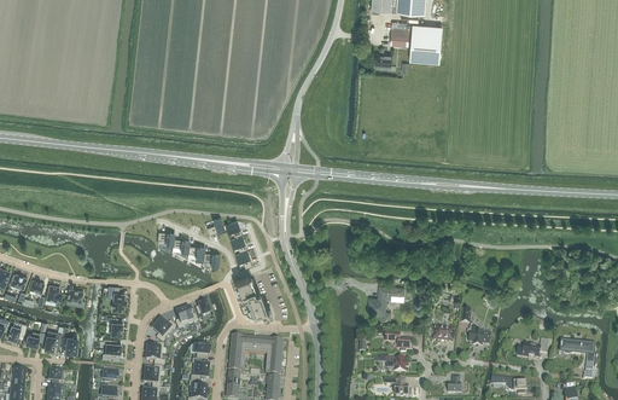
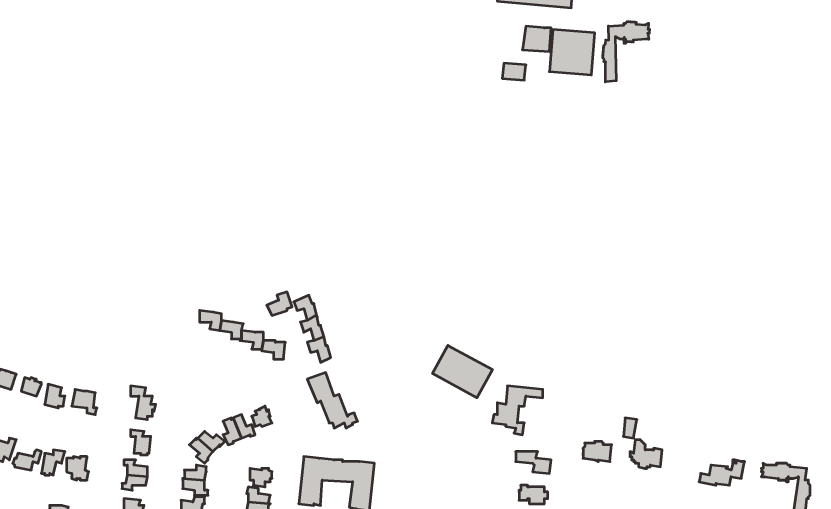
building: none -> [603,22,650,82]
building: none -> [433,345,492,398]

